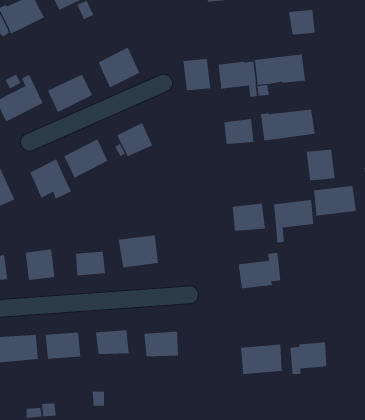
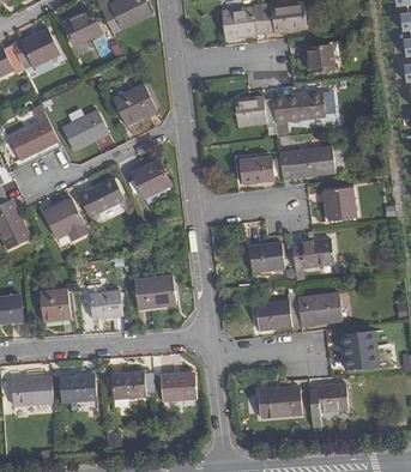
building: [183,58,211,91] -> none
building: [313,185,357,216] -> [297,294,342,325]
building: none -> [342,329,377,368]

